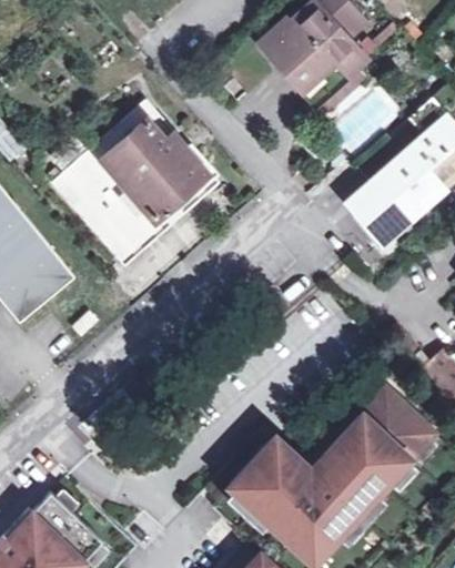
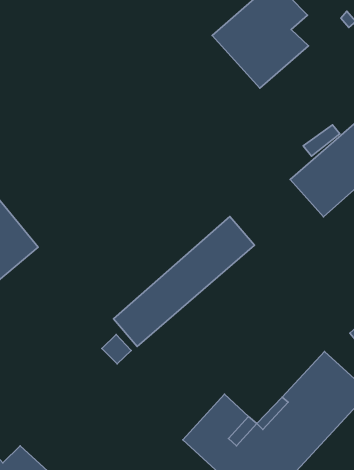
building: [53,101,216,261] -> none
building: none -> [113,217,254,346]

